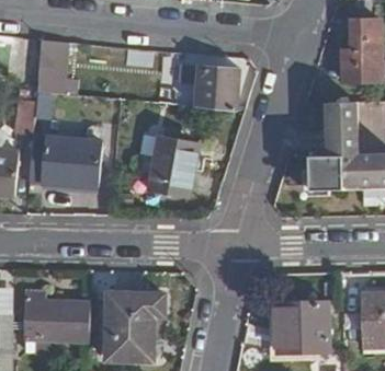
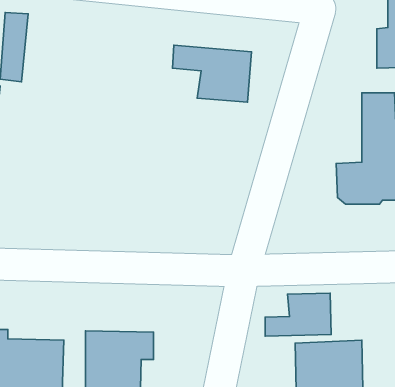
building: [147,137,199,197] -> none
building: [43,139,102,188] -> none
building: none -> [265,293,331,336]

